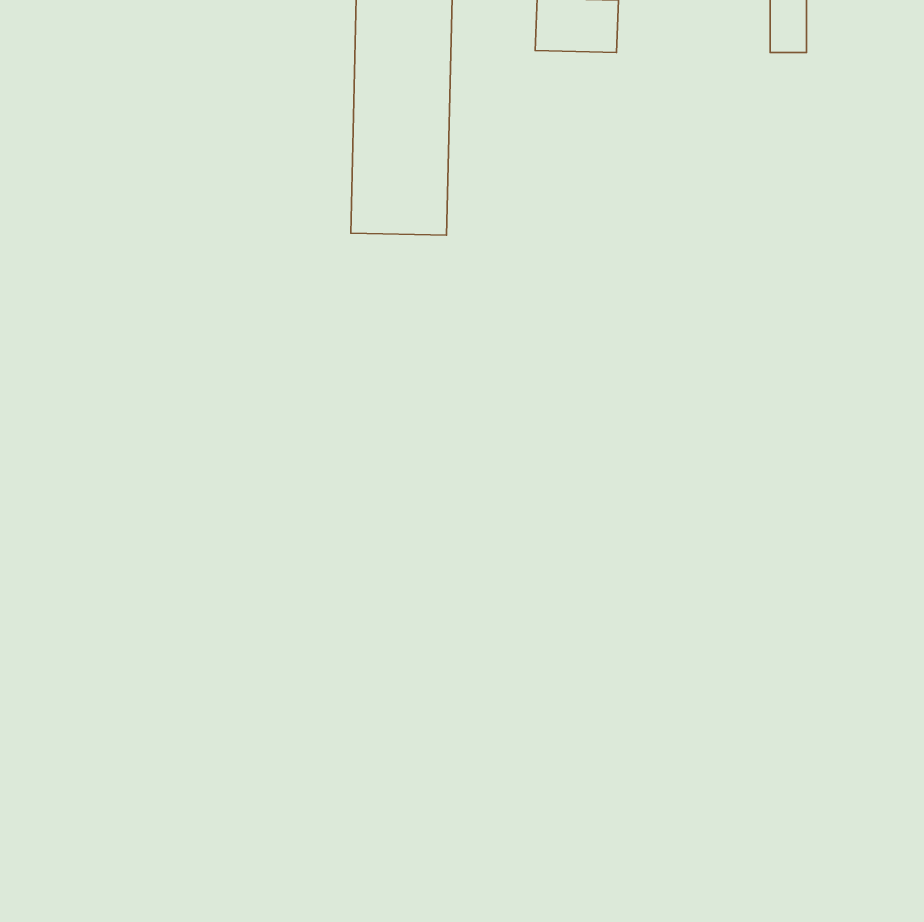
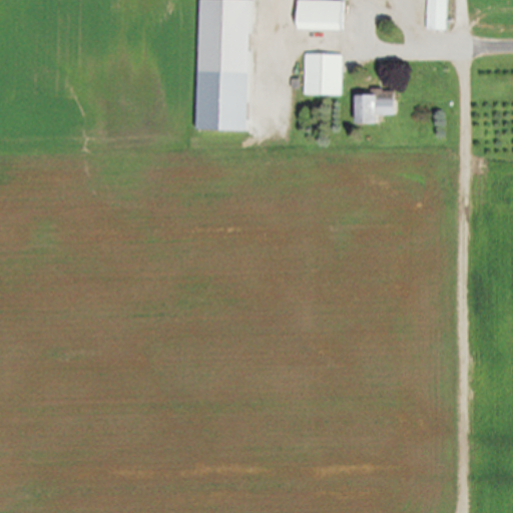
building: none -> [304,53,343,94]
building: none -> [355,92,396,122]

